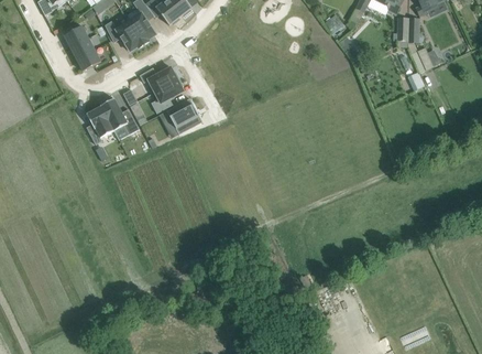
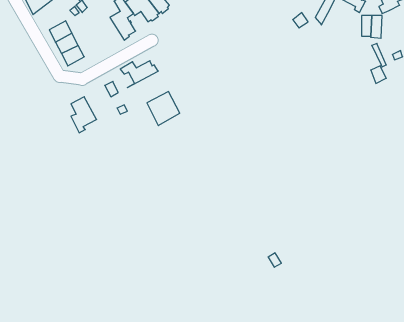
building: [103,20,143,51] -> none
building: [146,77,184,112] -> none
building: [100,97,138,131] -> none

